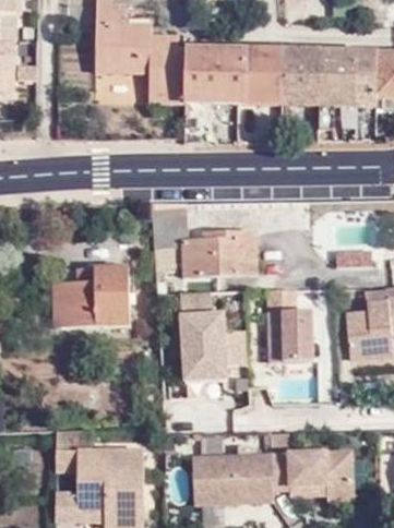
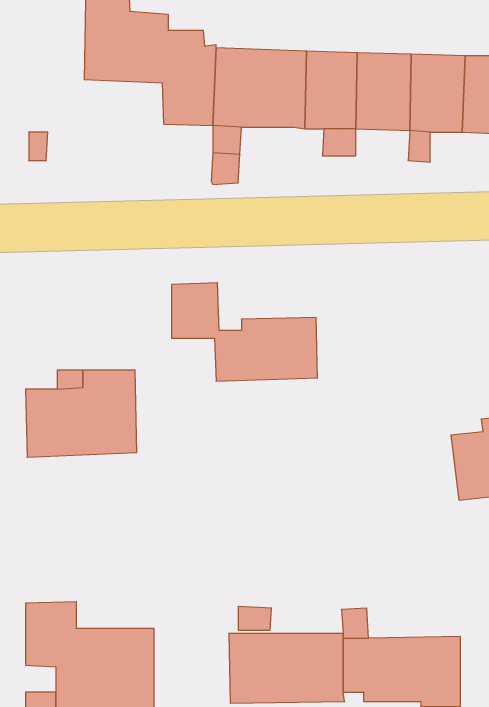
building: [181,286,230,374] -> none
building: [264,287,313,361] -> none

